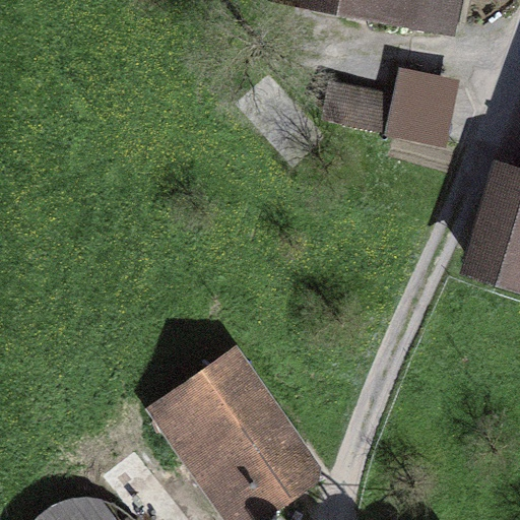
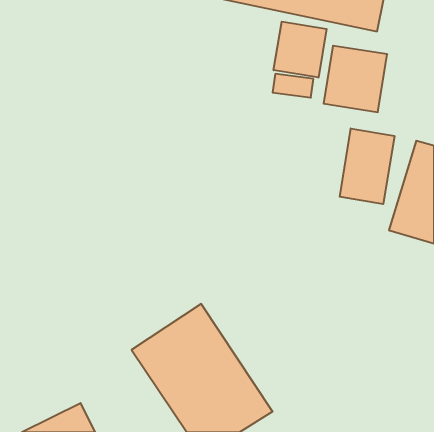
building: none -> [274,22,327,78]
building: none -> [340,128,394,204]

